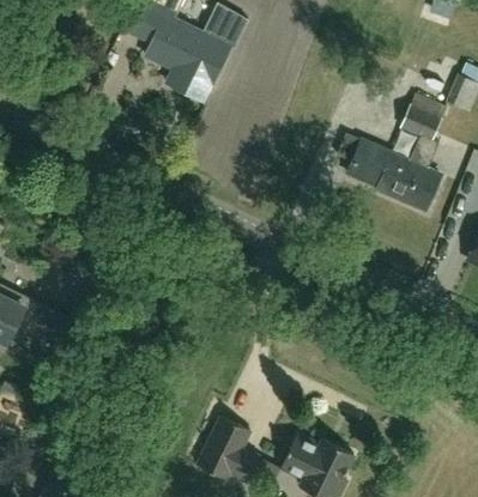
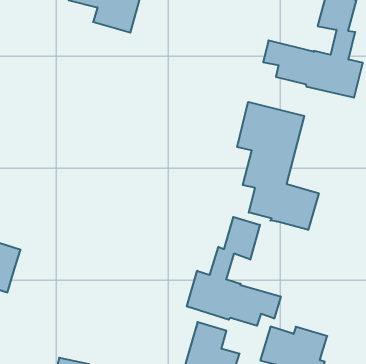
building: none -> [237,102,319,230]
building: none -> [187,217,281,326]

